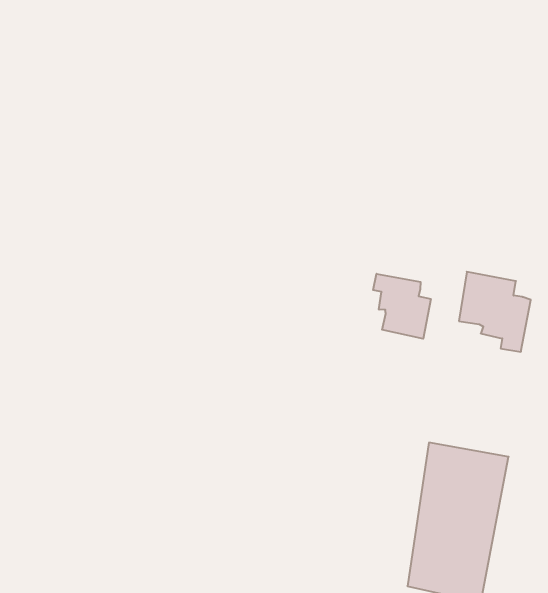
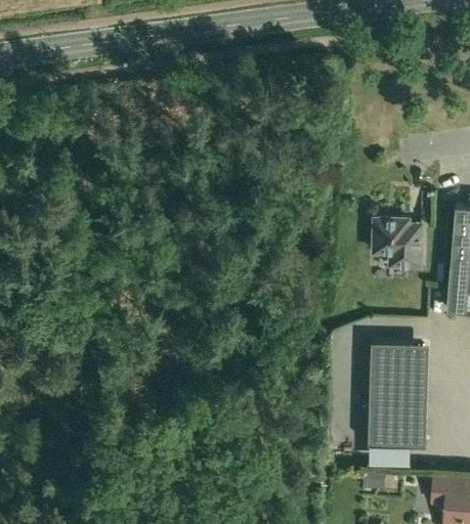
building: [373,274,431,339] -> none

